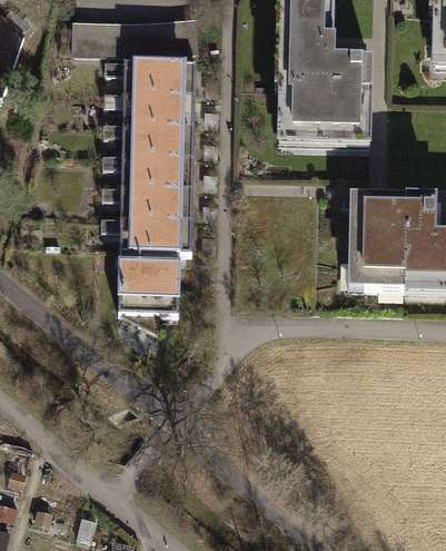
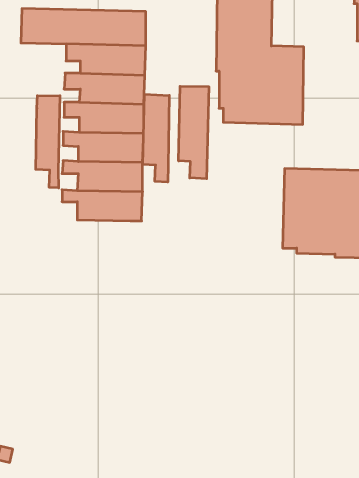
building: none -> [179,86,209,179]
building: none -> [143,94,169,182]
building: none -> [36,96,60,188]
building: [120,249,180,331] -> none

